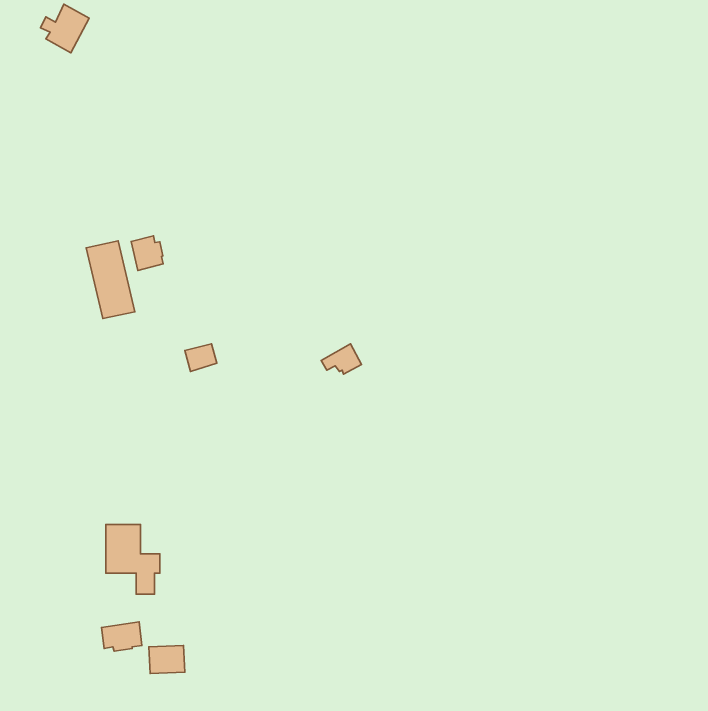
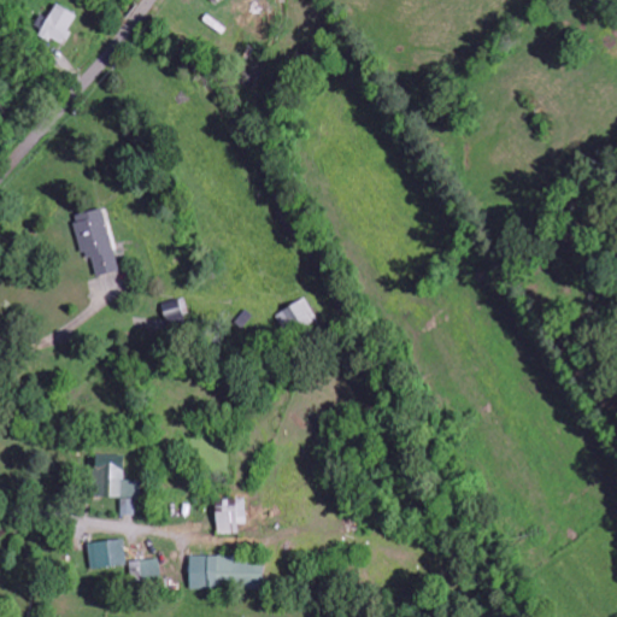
building: [131,236,163,270] -> none
building: none -> [213,500,245,535]
building: none -> [188,556,262,588]

